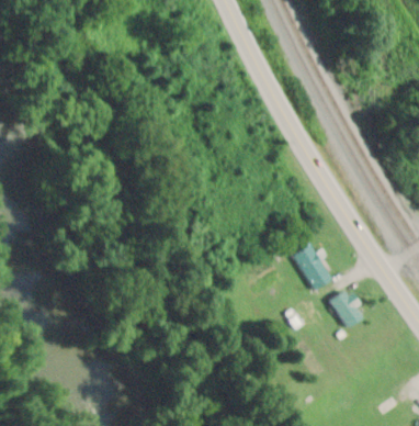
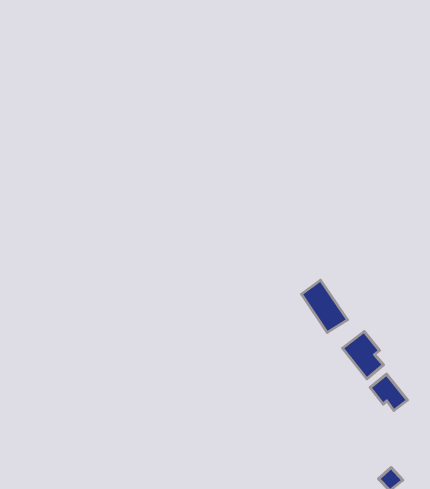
building: none -> [370,374,407,410]

